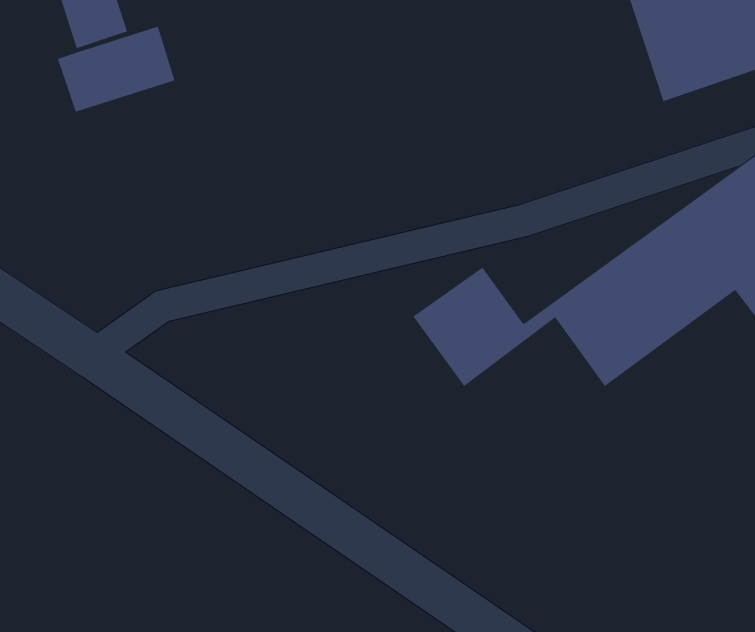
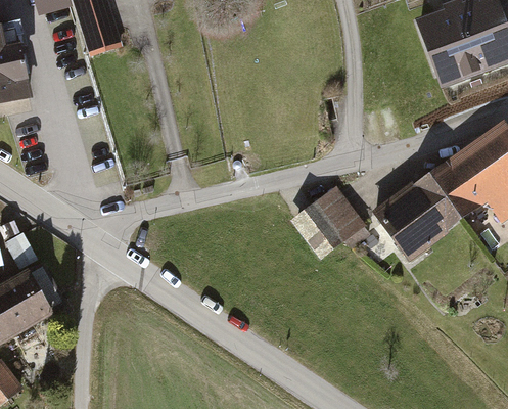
building: [57,26,175,112] -> none

